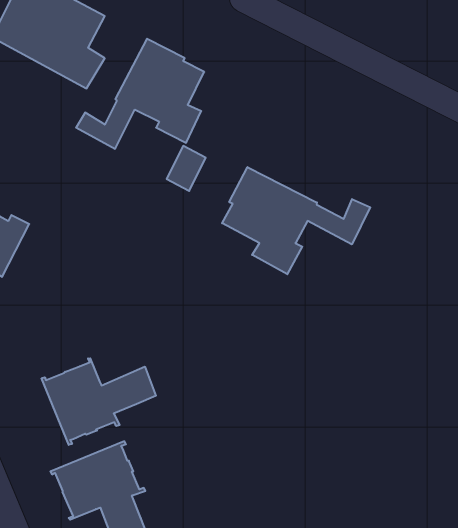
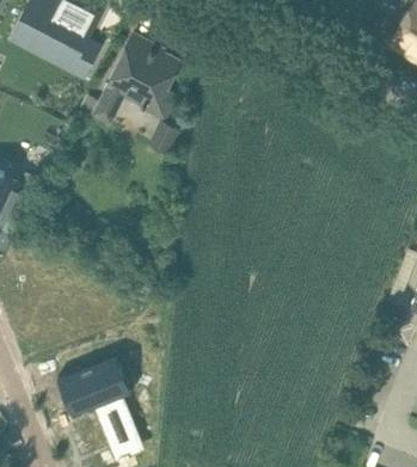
building: [222,167,370,274] -> none
building: [42,358,156,445] -> none

